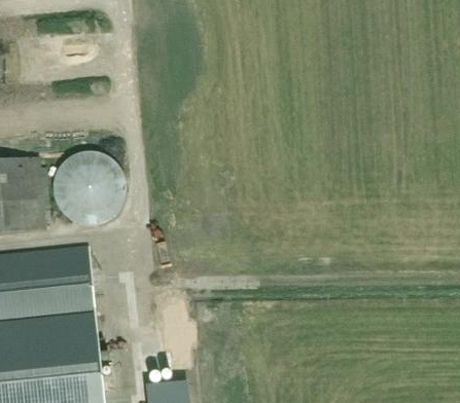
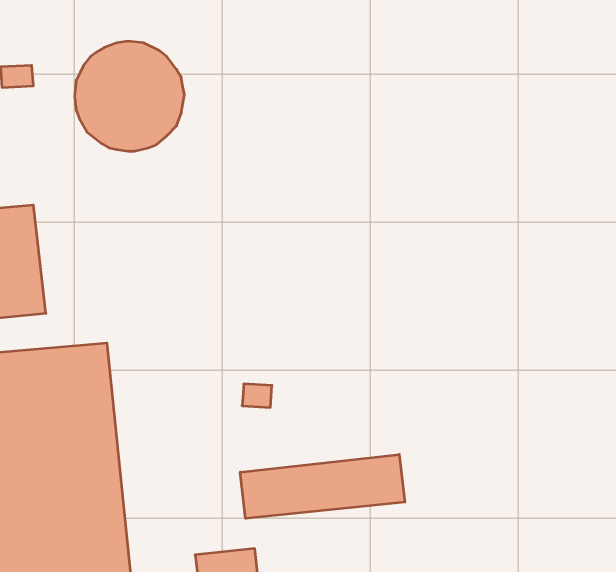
building: [55,152,127,224] -> [75,41,184,151]
building: none -> [240,454,405,518]

